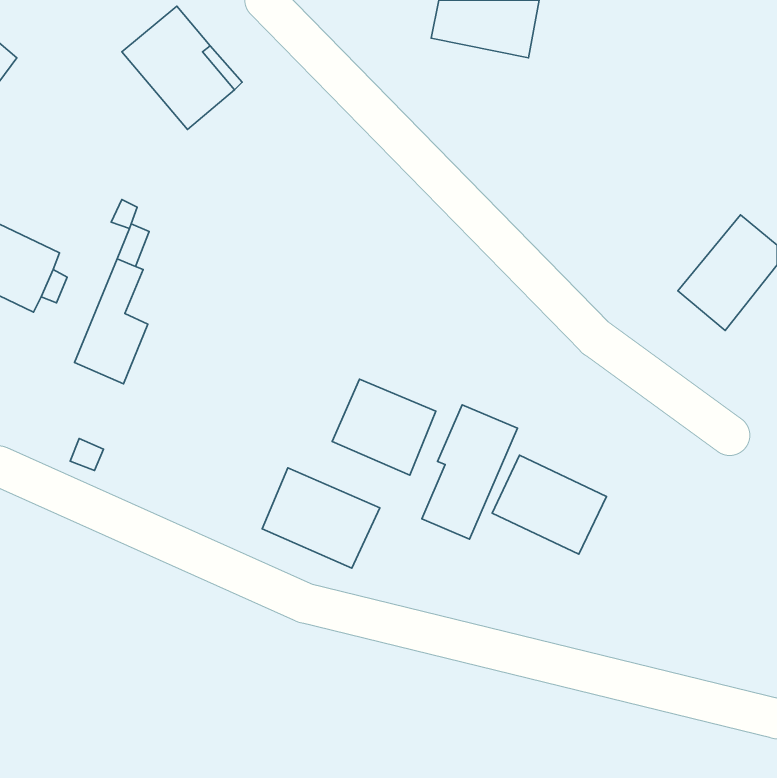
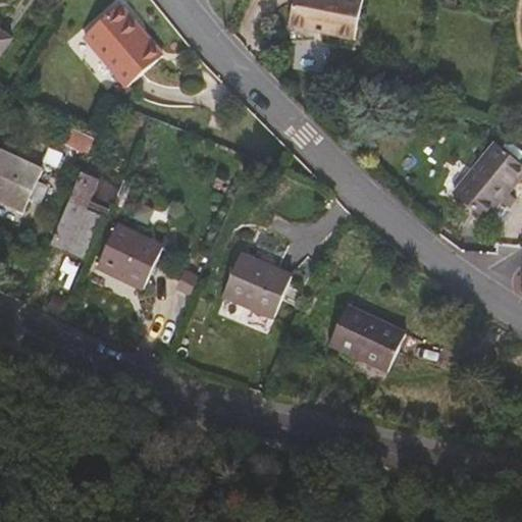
building: none -> [97,223,163,289]
building: [422,405,517,539] -> none
building: [262,468,380,568] -> none

